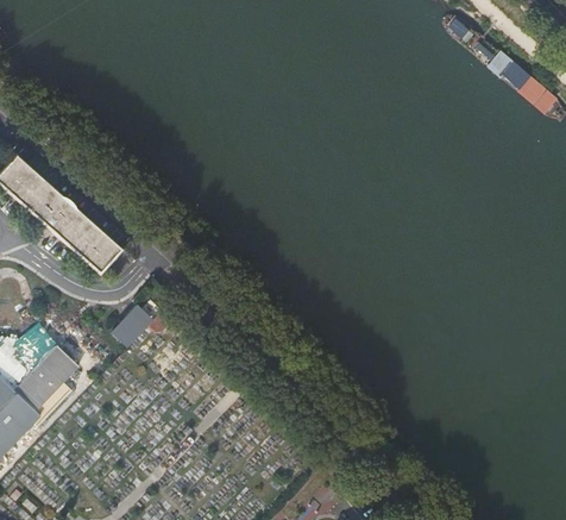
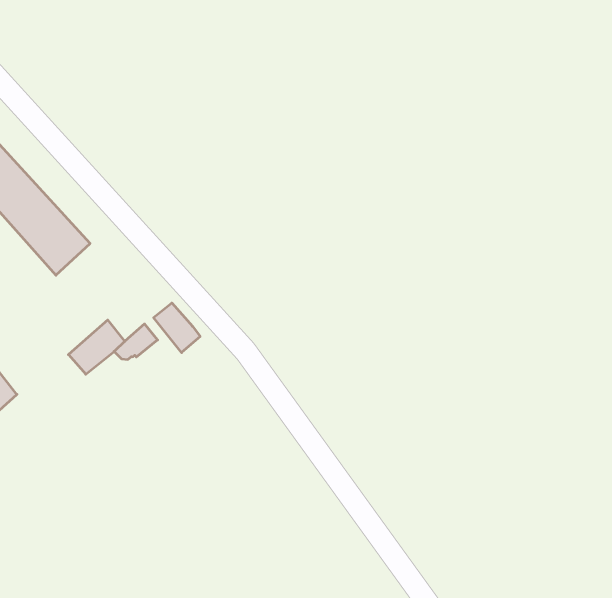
building: none -> [154,303,200,353]

